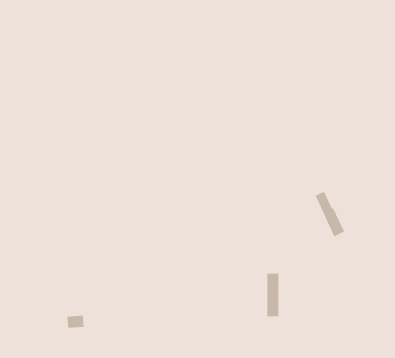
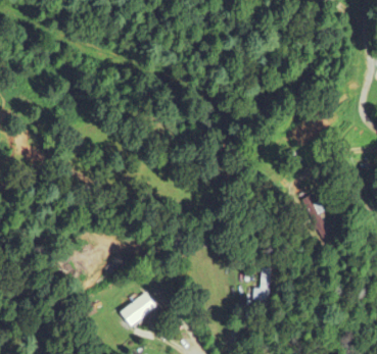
building: none -> [121,295,156,327]

